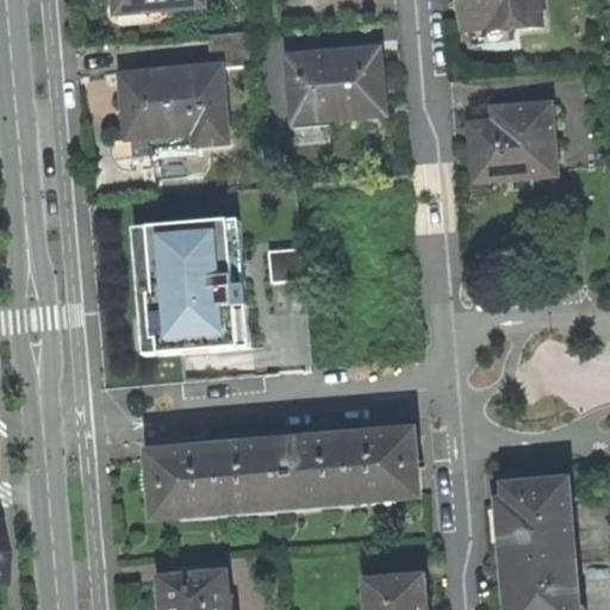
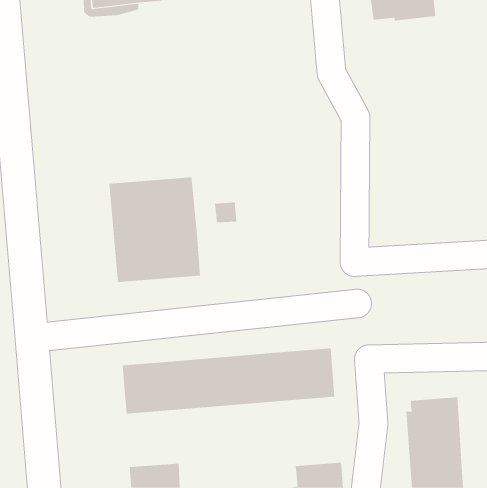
building: [120,27,248,148] -> none
building: [287,45,386,120] -> none
building: [469,101,555,175] -> none

